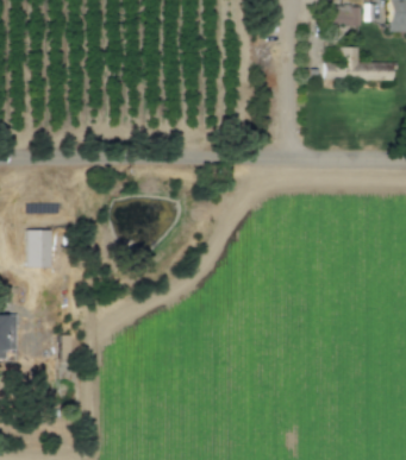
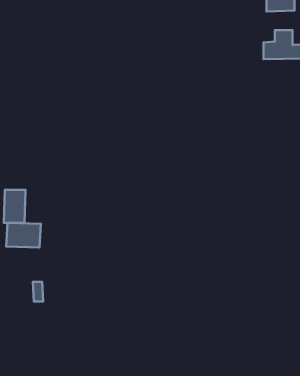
building: none -> [6,223,41,248]

